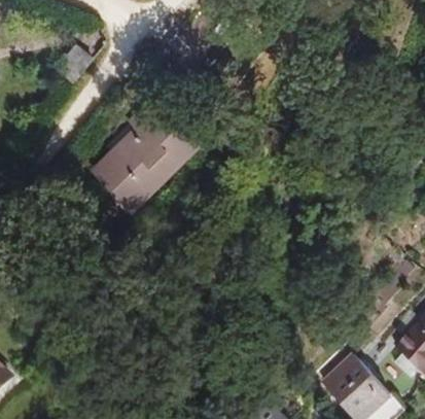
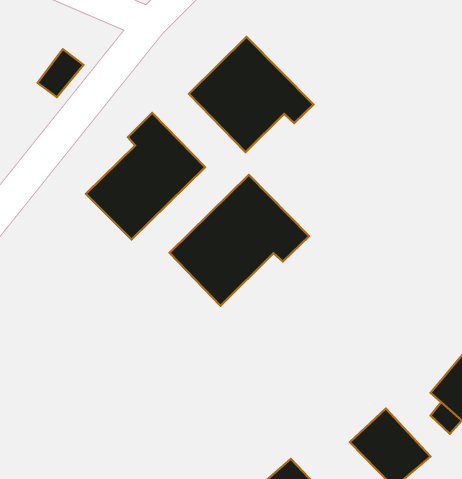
building: none -> [189,37,314,152]
building: none -> [169,175,309,306]

